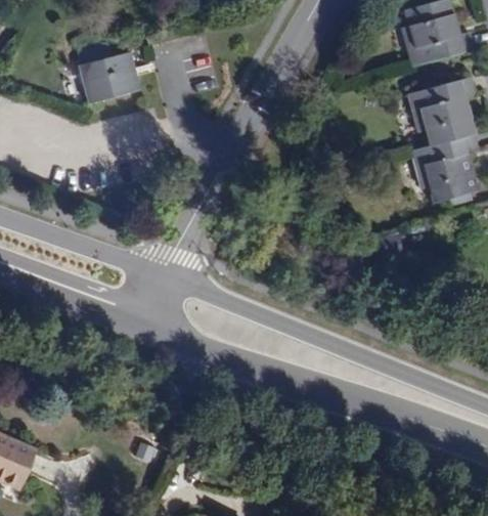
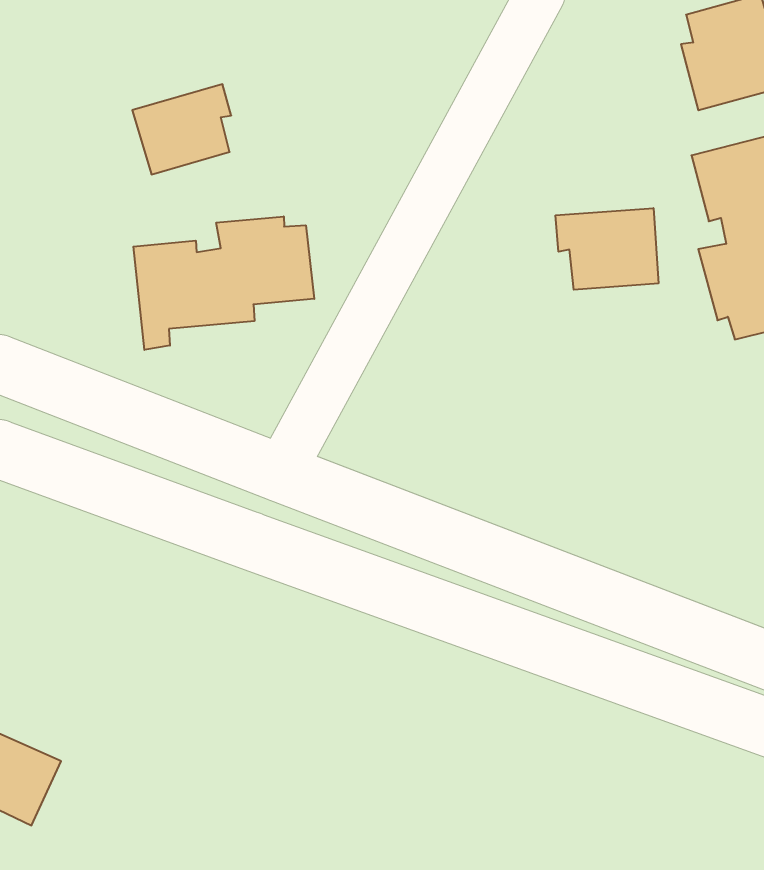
building: none -> [556,208,658,290]
building: none -> [133,216,314,350]

